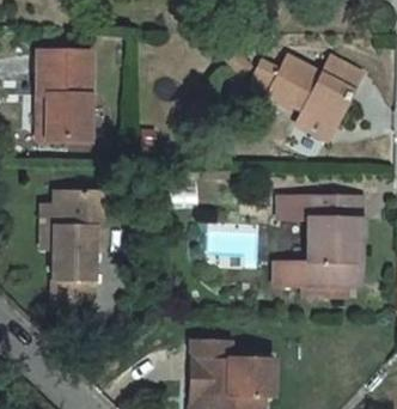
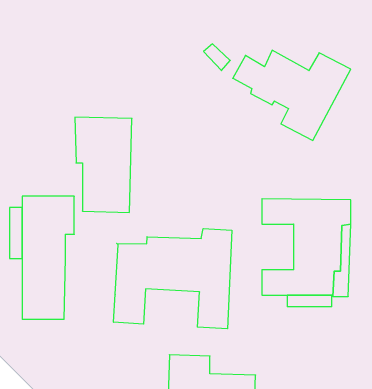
building: [37,49,91,139] -> [75,117,132,212]
building: none -> [114,229,232,329]

